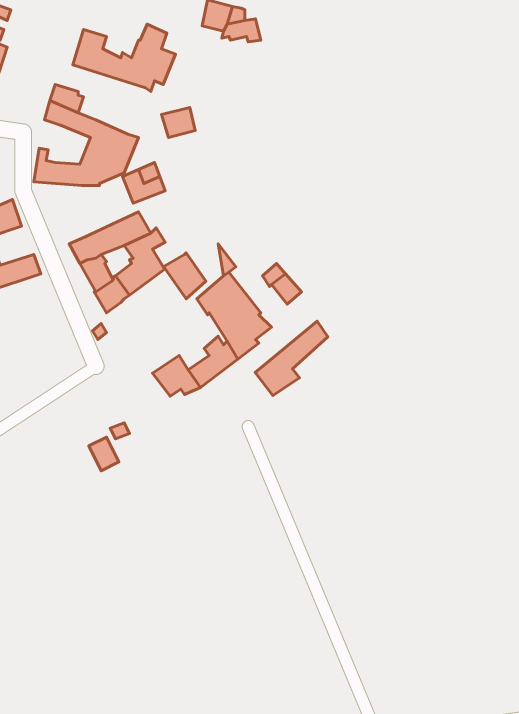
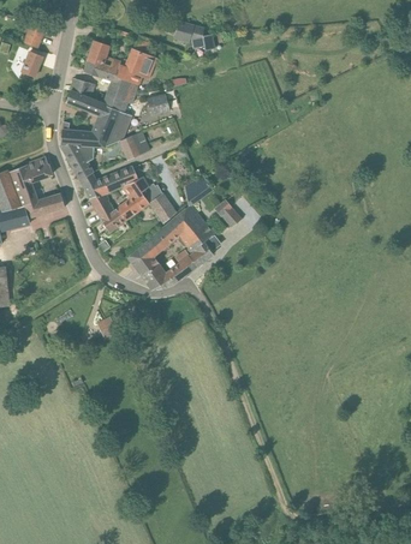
building: none -> [84,65,139,112]
building: none -> [60,144,94,179]
building: [255,321,328,395] -> [129,223,178,274]

